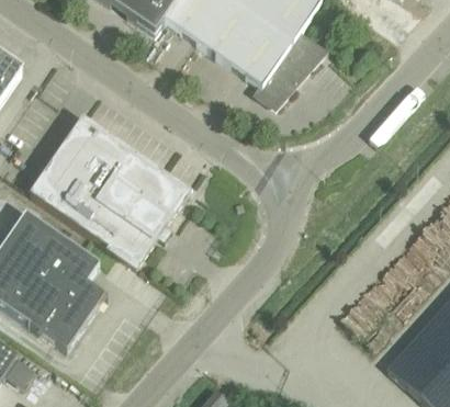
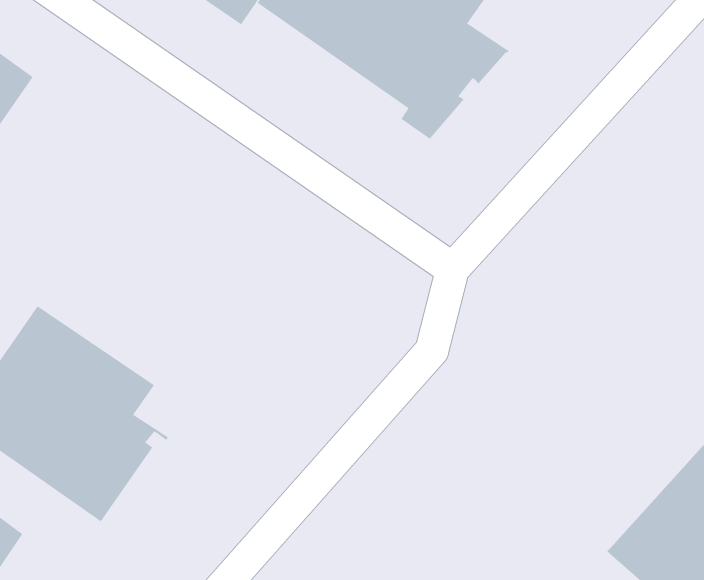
building: [30,117,185,263] -> none

